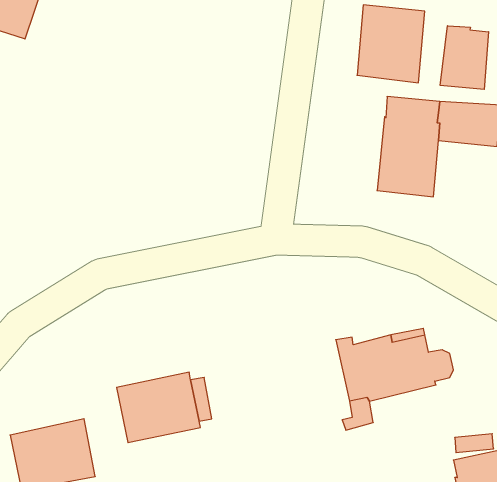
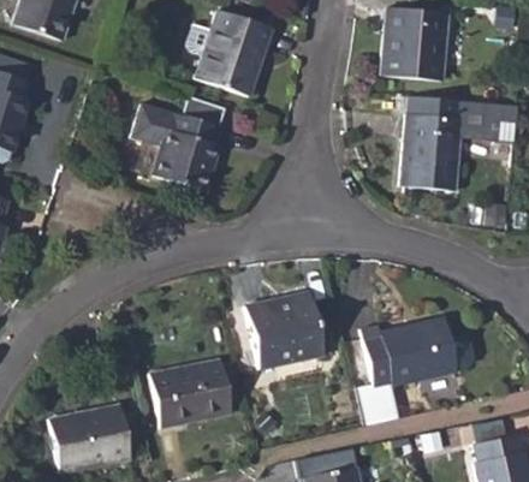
building: none -> [194,11,269,96]
building: [440,26,489,89] -> none
building: none -> [130,103,219,190]
building: none -> [244,292,321,369]

